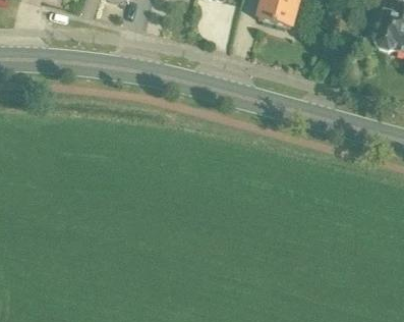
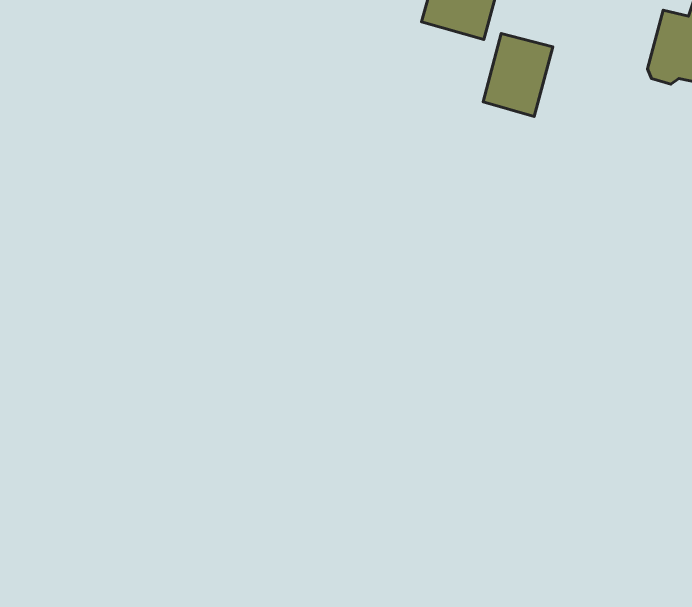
building: none -> [483,34,553,116]

